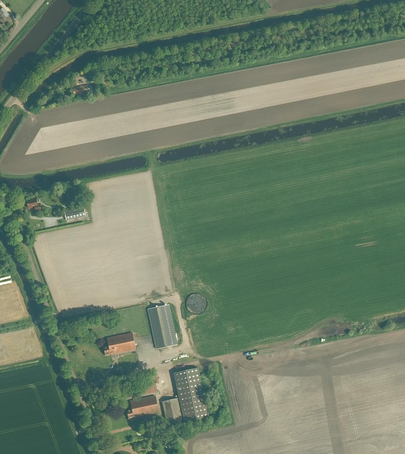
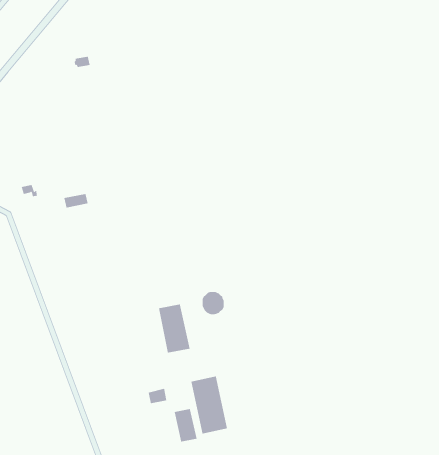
building: [103,331,135,354] -> none
building: [126,395,158,417] -> none

